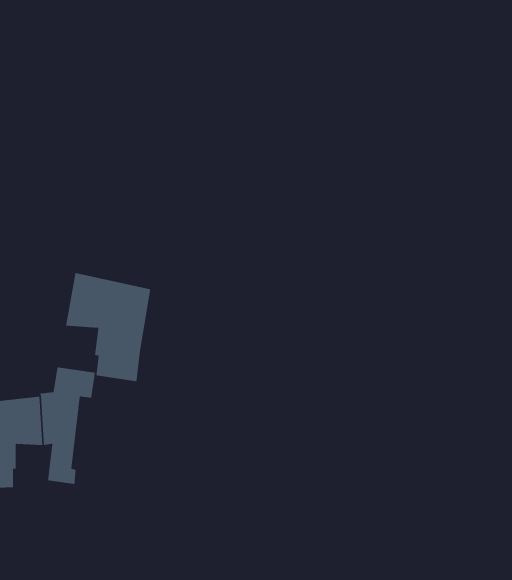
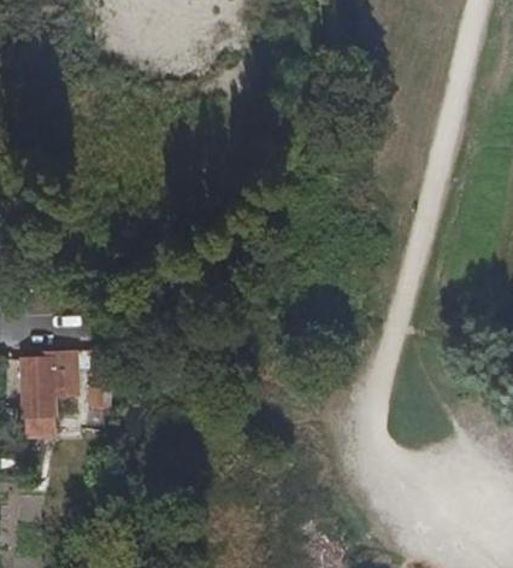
building: [65,272,151,382] -> none

